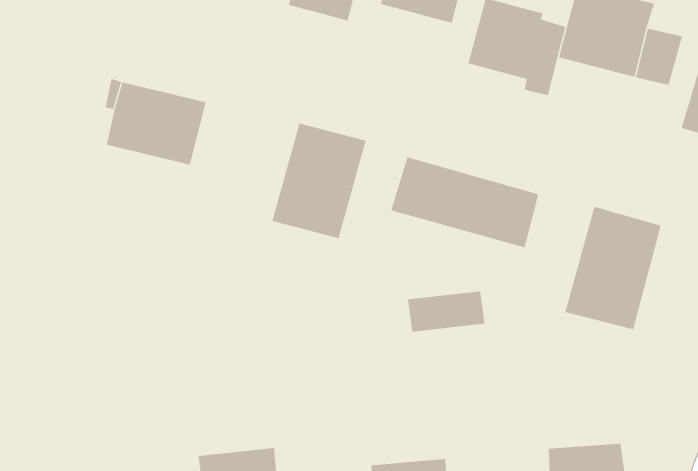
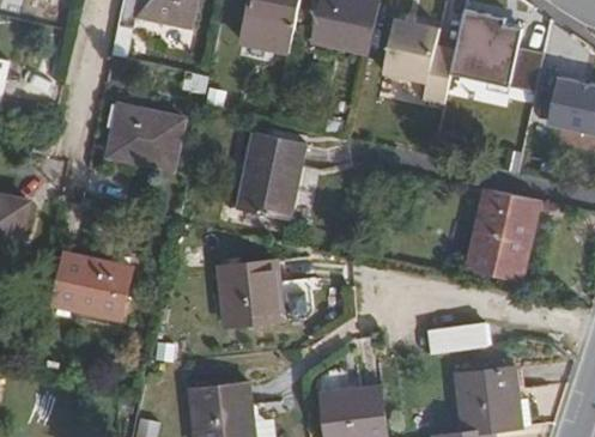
building: [390,156,539,248] -> none
building: none -> [43,256,133,318]
building: none -> [220,260,286,326]
building: [407,291,485,332] -> [427,320,488,354]

